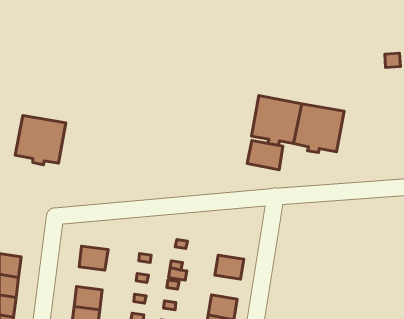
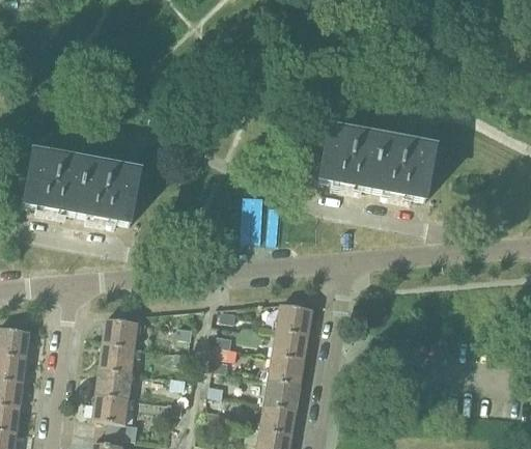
building: none -> [76,162,139,223]
building: [247,140,283,170] -> none
building: none -> [276,302,312,333]
building: none -> [99,342,134,371]
building: none -> [268,353,304,383]

